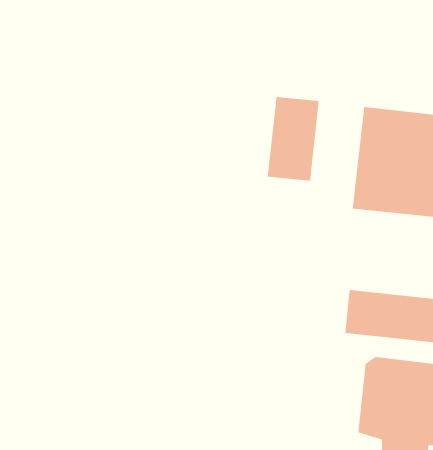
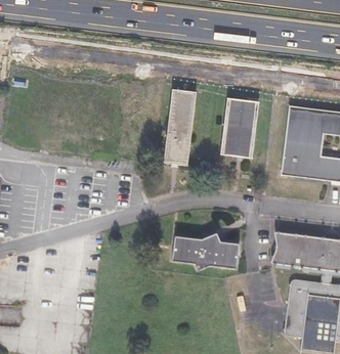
building: none -> [166,88,197,165]
building: none -> [174,235,240,269]

